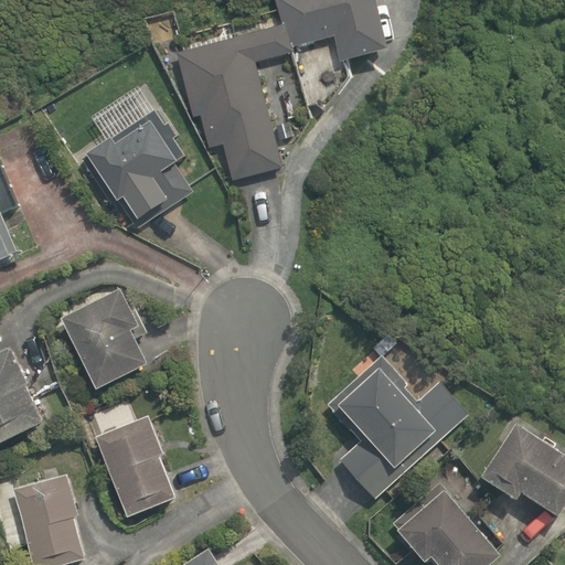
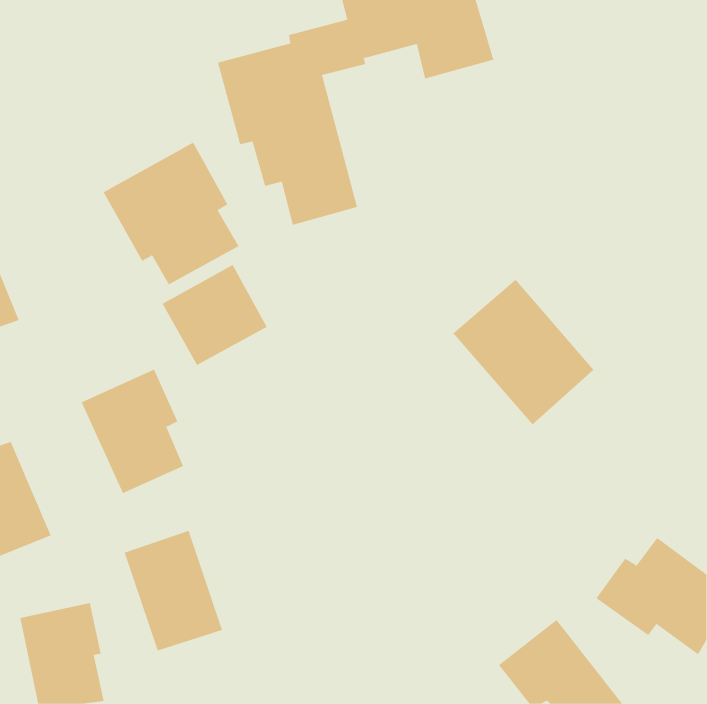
building: none -> [162,264,268,366]
building: none -> [452,279,594,425]
building: [337,365,461,491] -> none

